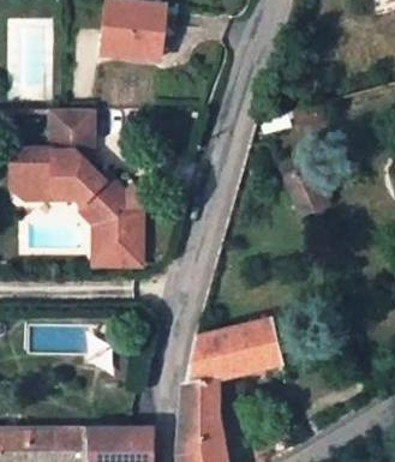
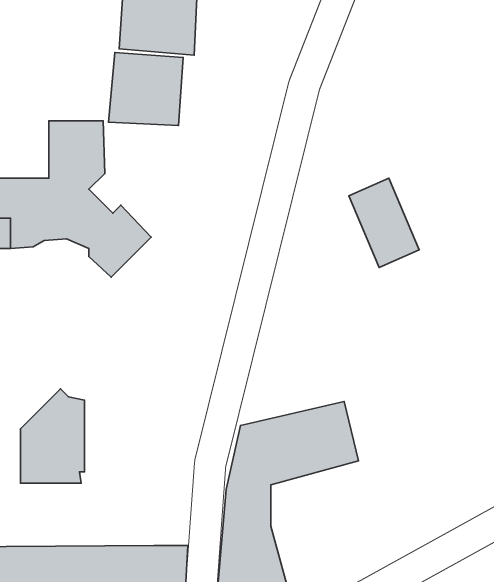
building: none -> [109,53,183,126]
building: [97,196,145,266] -> [21,389,84,483]

